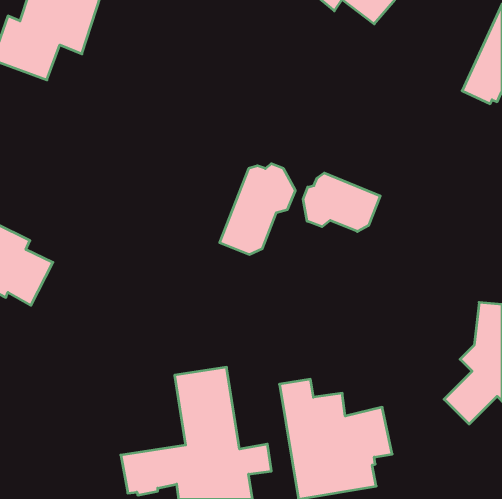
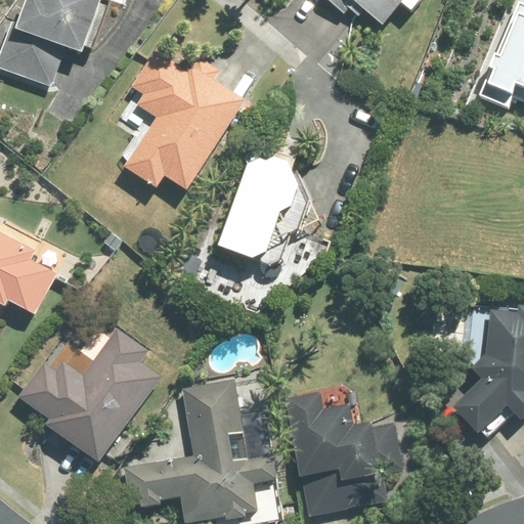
building: none -> [123,46,248,191]
building: [303,173,380,232] -> none
building: none -> [17,324,161,461]

